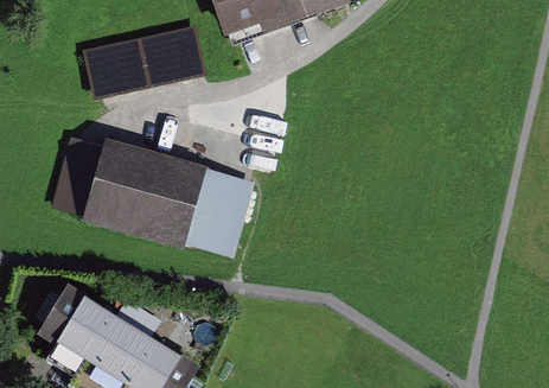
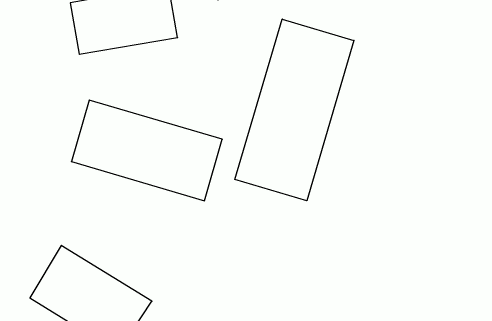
building: none -> [235,19,354,201]

